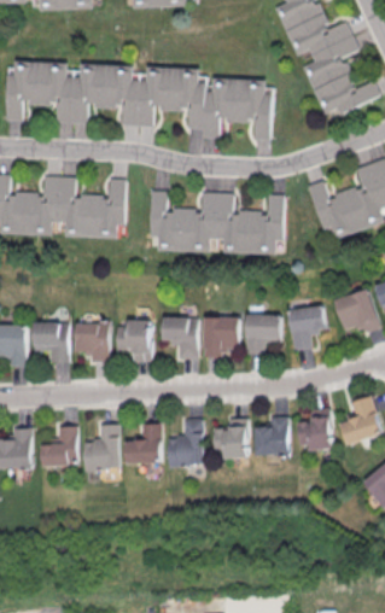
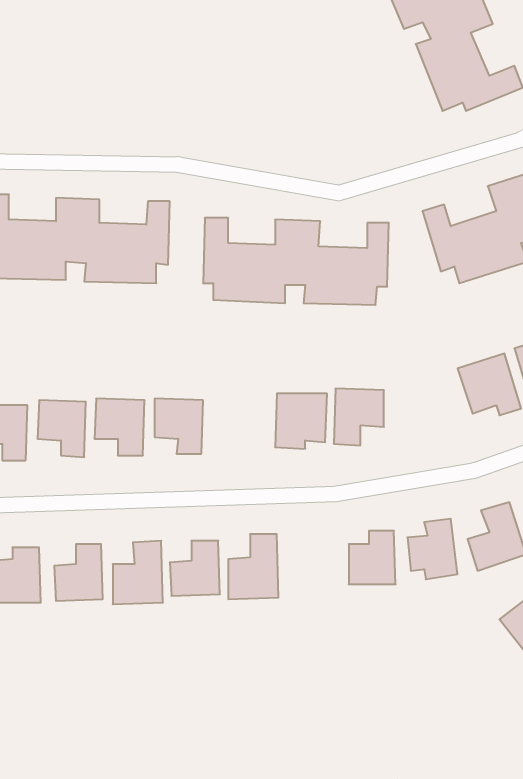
building: [8,60,270,140] -> none
building: [287,305,325,350] -> none
building: [161,319,197,358] -> none
building: [212,418,249,459] -> none

